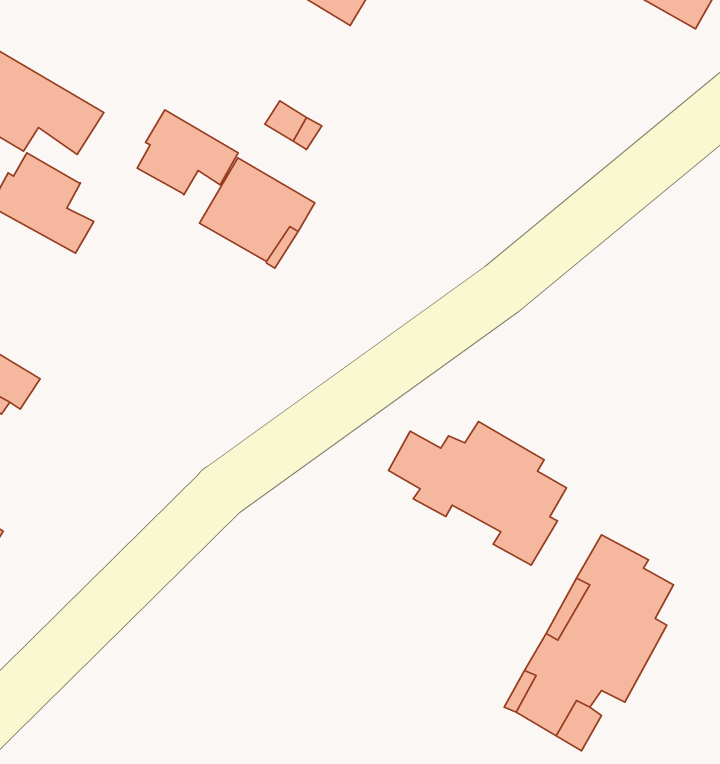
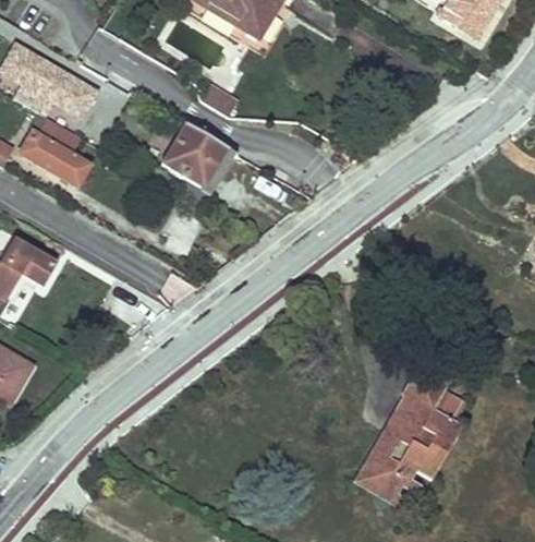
building: [137,110,238,195] -> none
building: [389,421,566,565] -> none

